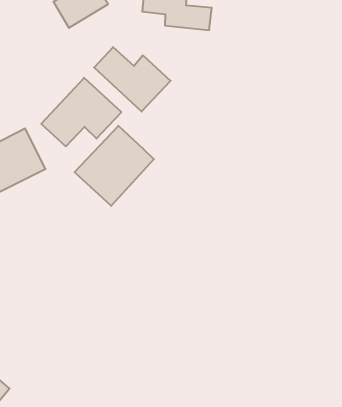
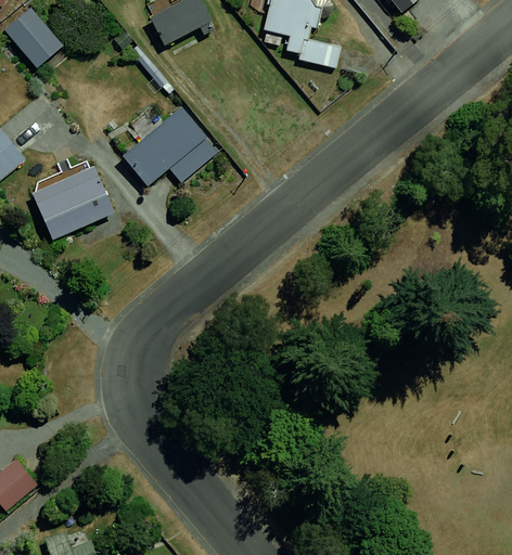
building: [94,47,171,112] -> none
building: [75,126,154,206] -> none

